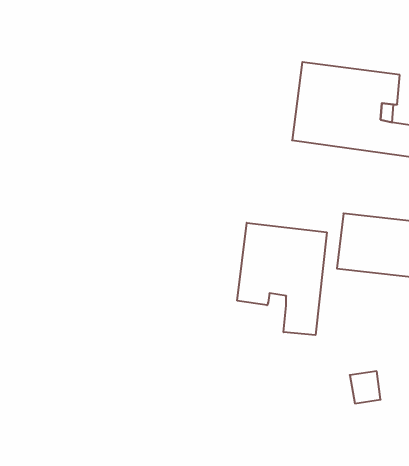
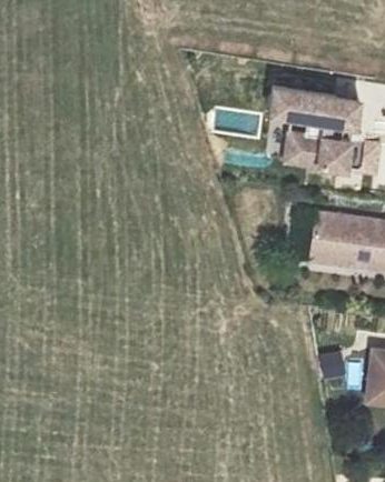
building: [237,223,327,335] -> none

